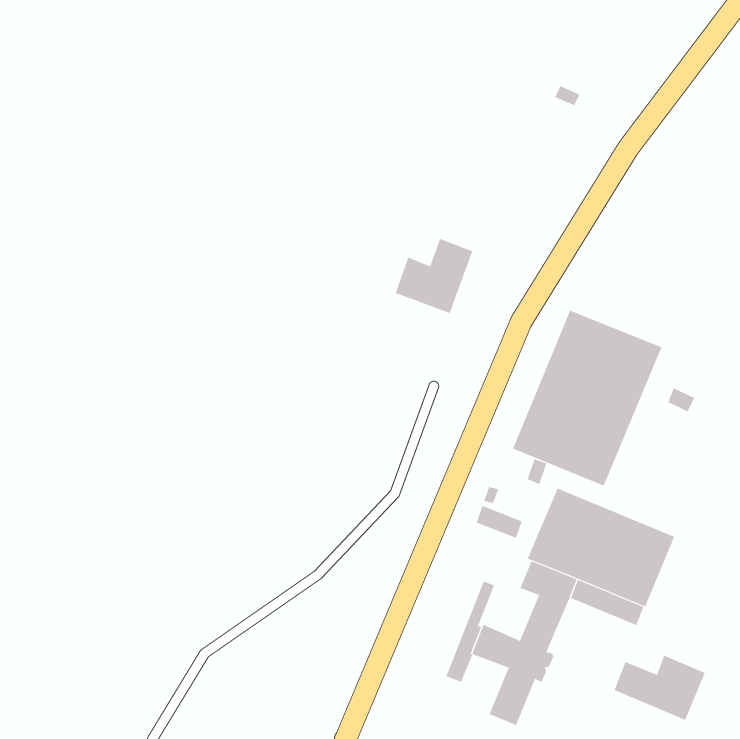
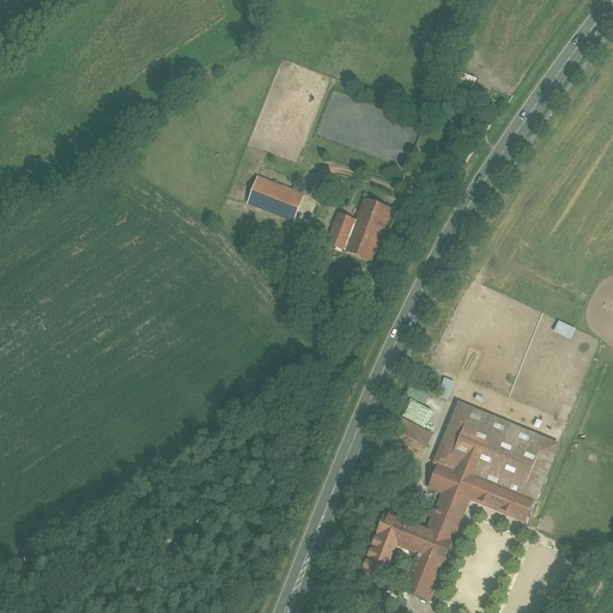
building: none -> [247,175,303,220]
building: [512,310,663,486] -> none
building: [614,655,705,721] -> none

